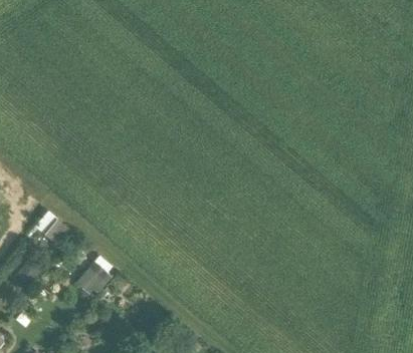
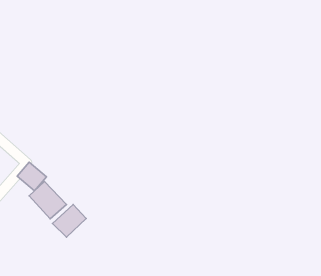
building: none -> [29,181,67,219]

